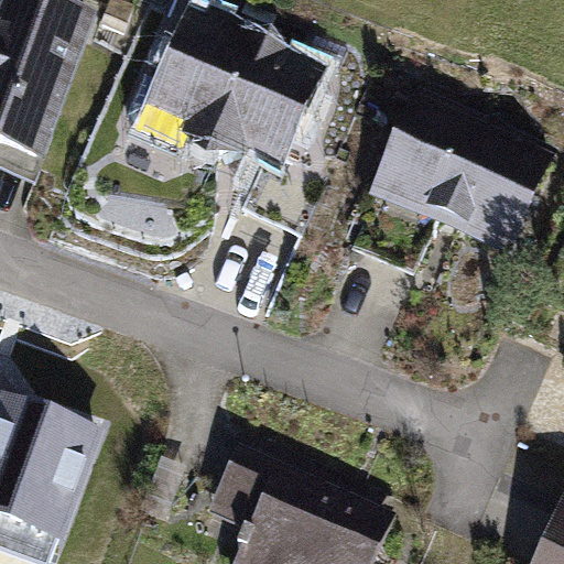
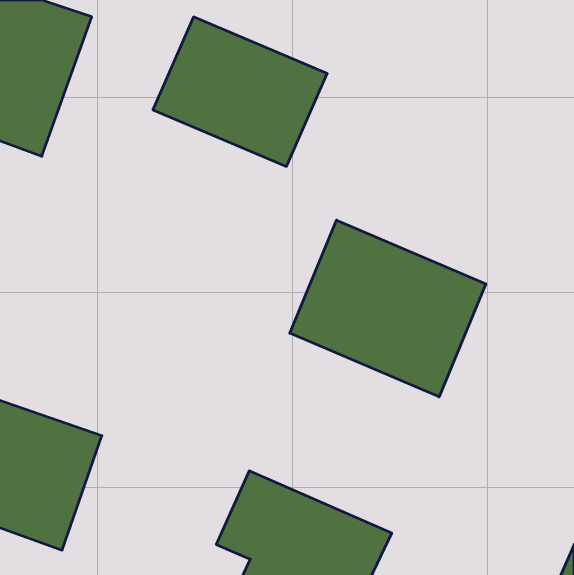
building: [376,102,546,252] -> none
building: none -> [290,220,486,397]

